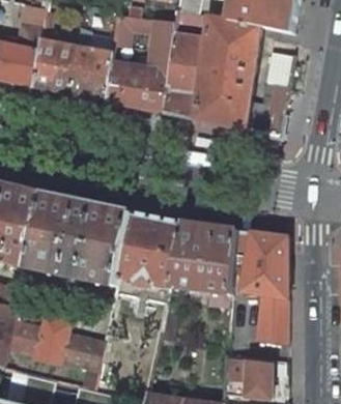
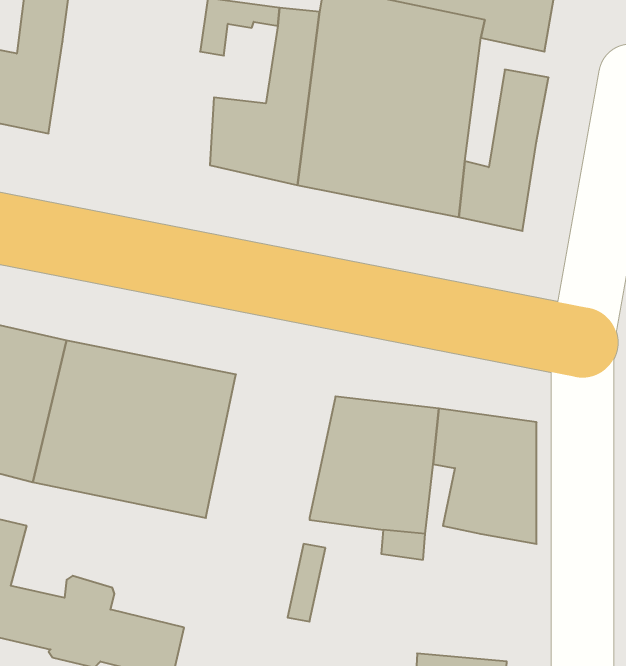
building: [32,38,110,100] -> none
building: [116,211,181,286] -> none
building: [254,294,286,349] -> none

